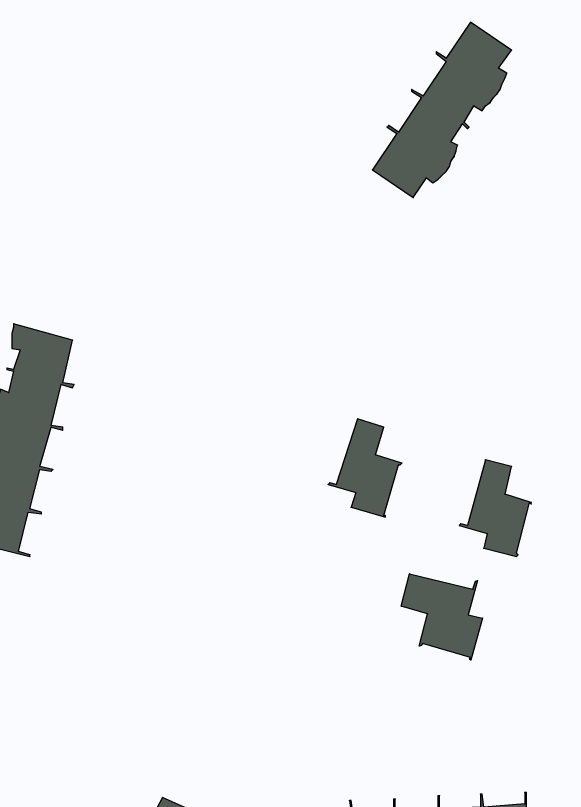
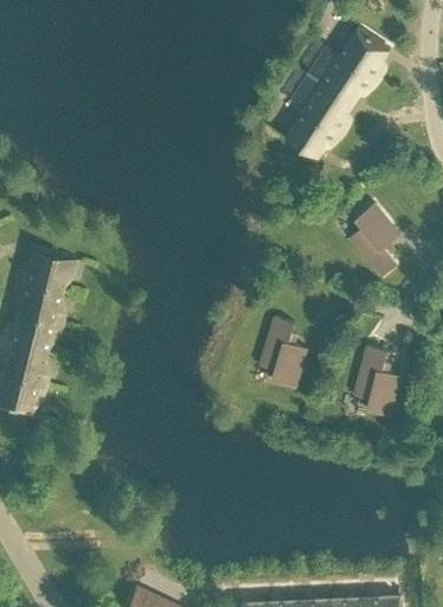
building: none -> [347,204,402,276]
building: [401,574,483,660] -> none

